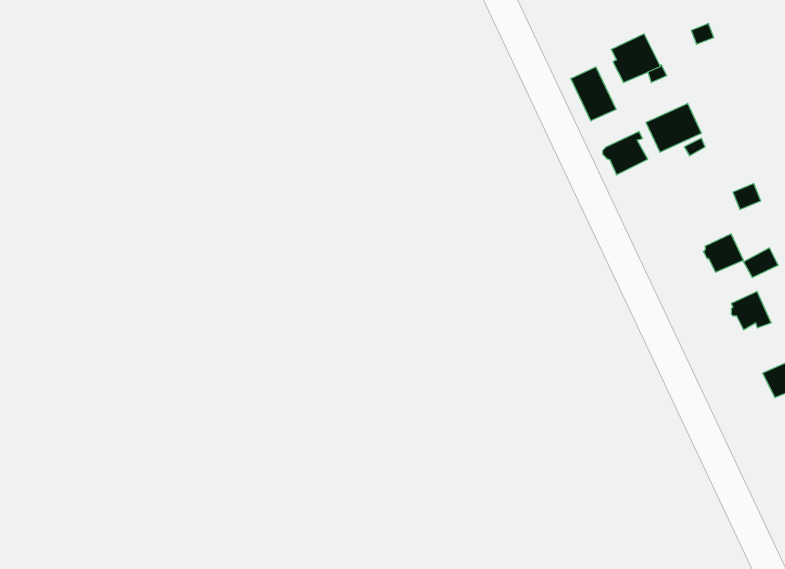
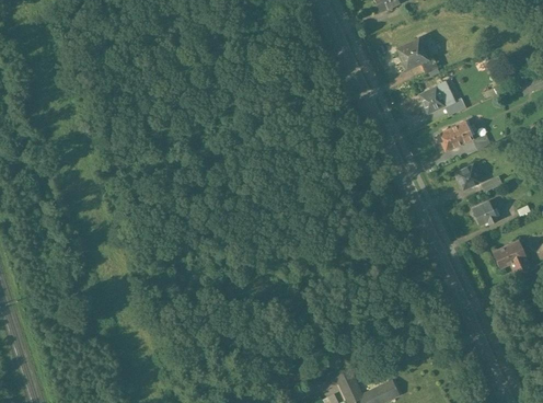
building: [571,67,616,121] -> none
building: [603,131,648,175] -> [437,123,465,150]

